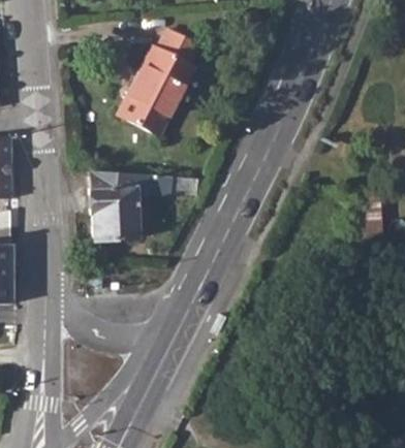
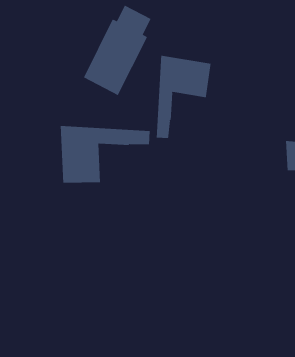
building: none -> [156,55,211,139]

